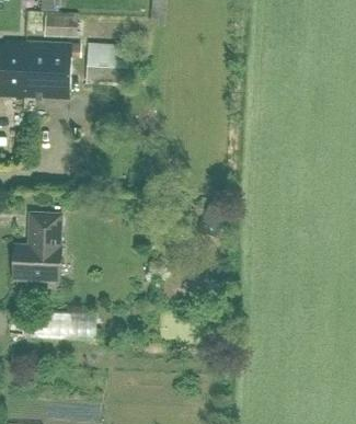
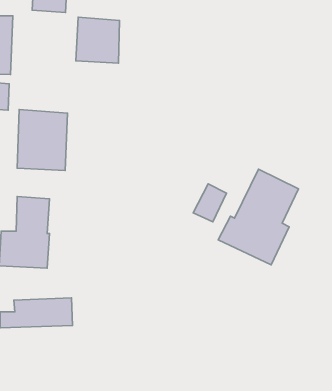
building: [23,41,71,99] -> [17,110,68,171]
building: none -> [218,169,298,265]

